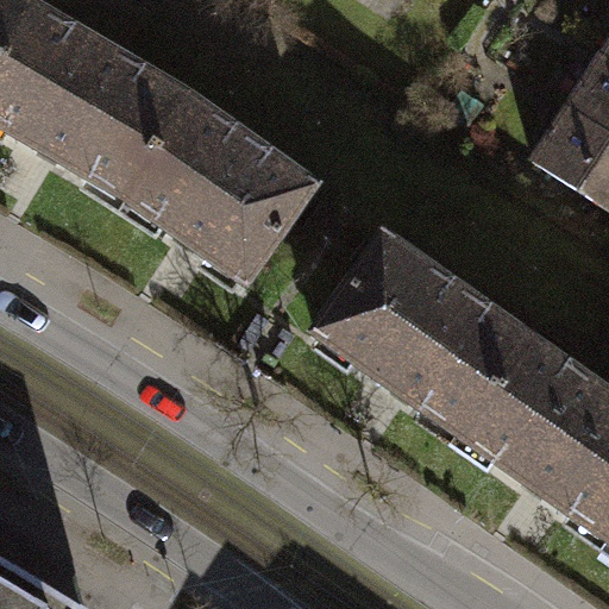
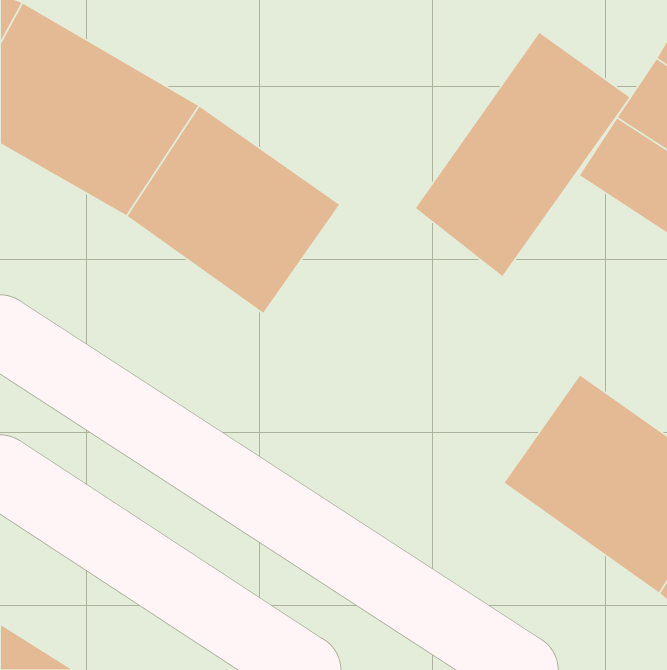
building: none -> [415,32,630,277]
building: [312,232,529,435] -> none

